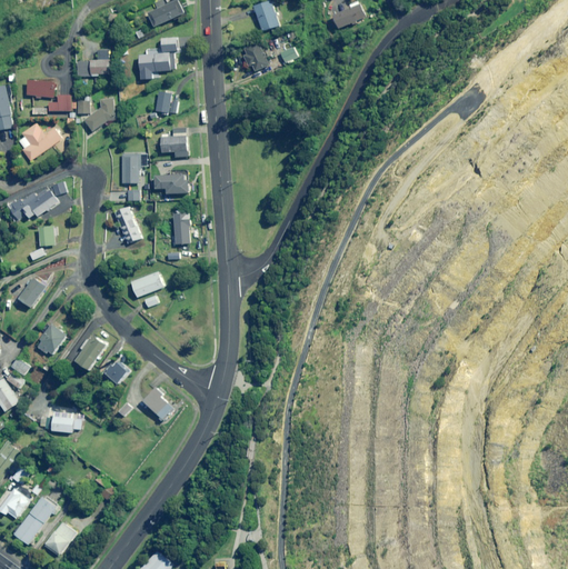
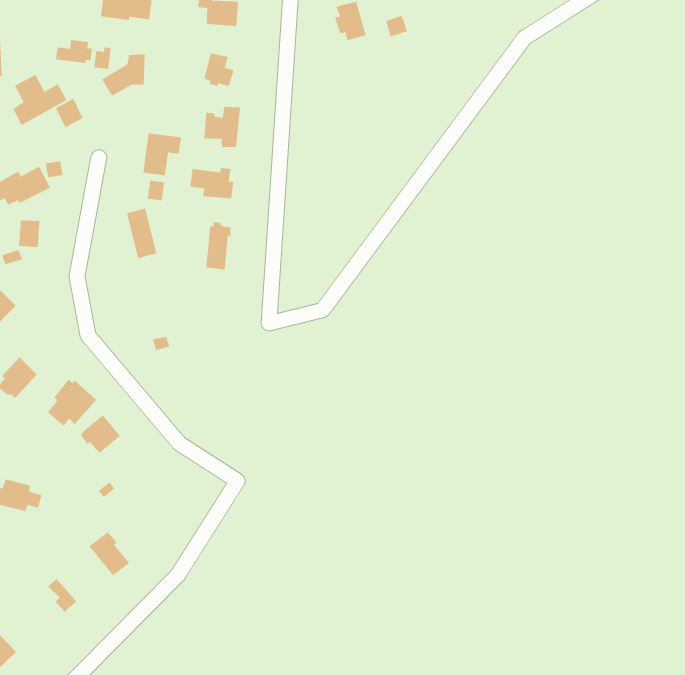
building: [28,78,57,98] -> none
building: [130,271,162,297] -> none
building: [143,388,175,419] -> [88,532,130,576]

